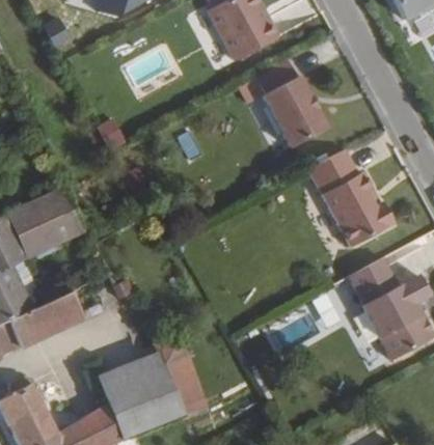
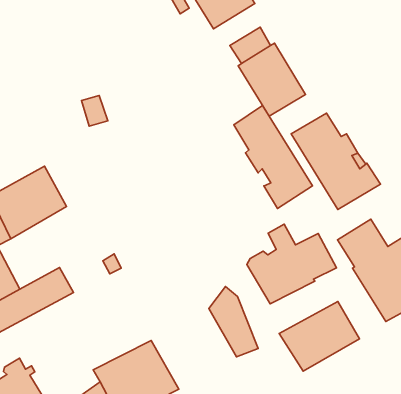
building: none -> [234,106,312,209]
building: none -> [247,224,336,304]
building: none -> [279,302,359,371]
building: [158,345,205,416] -> [209,287,258,357]

